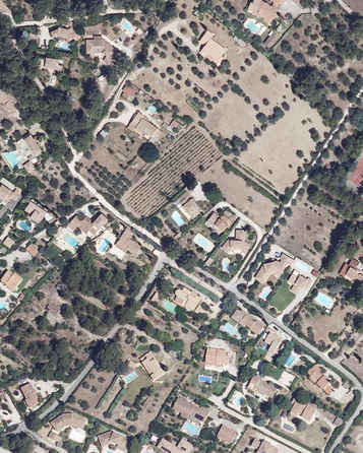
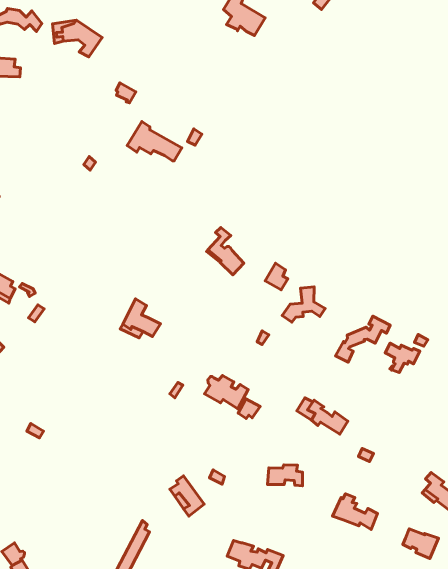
building: [68,212,108,234] -> none

